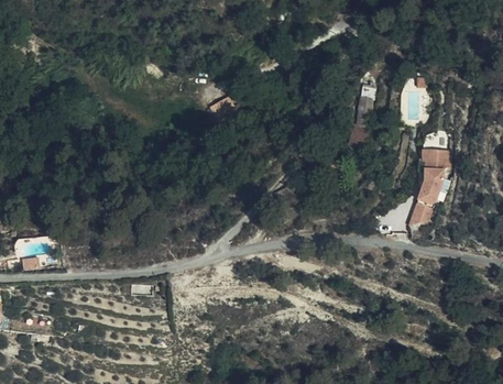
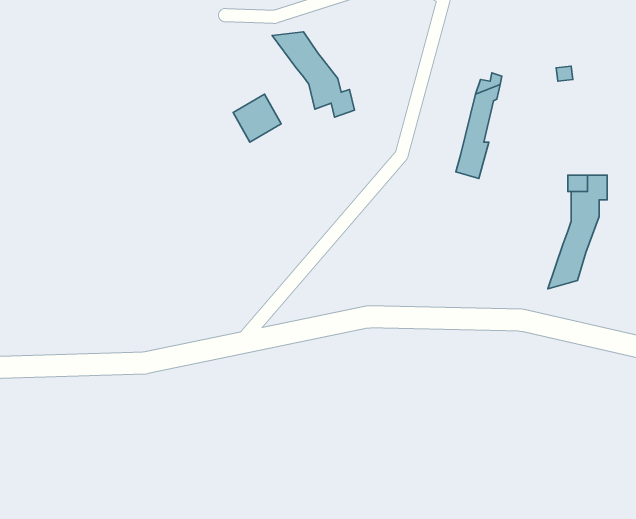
building: none -> [272,32,354,117]

